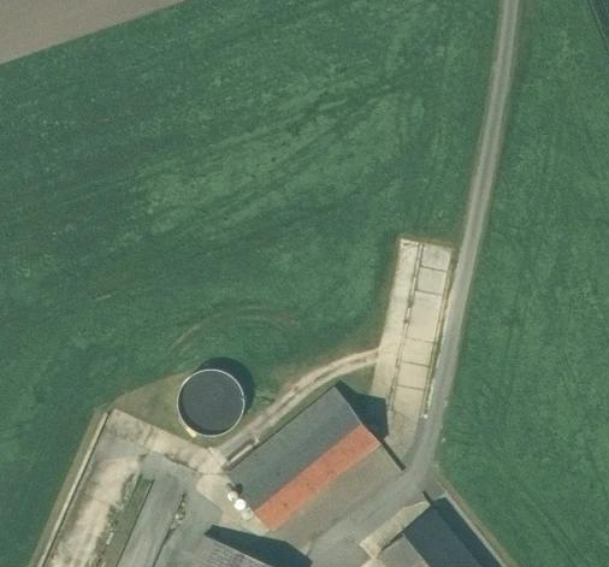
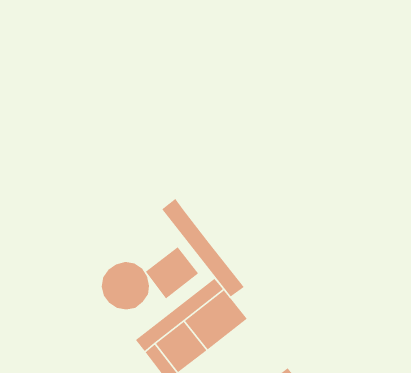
building: none -> [161,198,245,297]
building: none -> [145,246,199,300]

